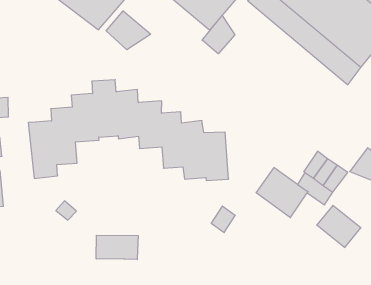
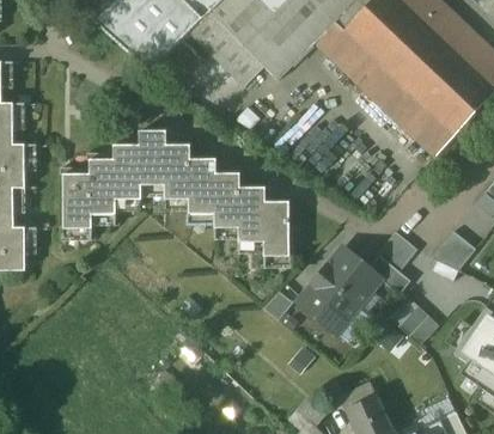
building: [106,11,151,50] -> none
building: [202,15,235,54] -> none
building: none -> [298,273,359,332]
building: [96,235,138,260] -> none

